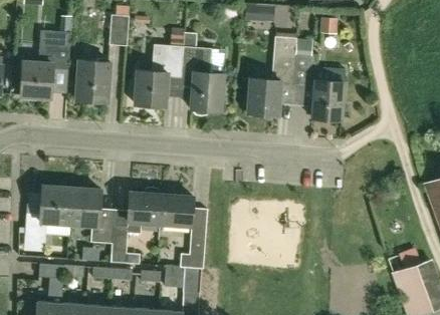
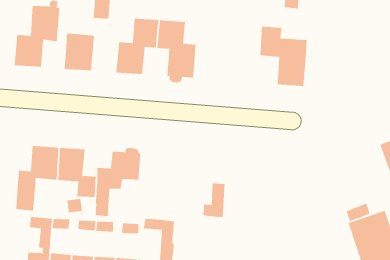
building: [247,37,295,115] -> none
building: [160,193,193,225] -> none
building: [180,230,205,268] -> [203,183,225,217]

